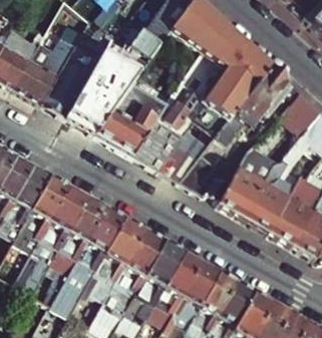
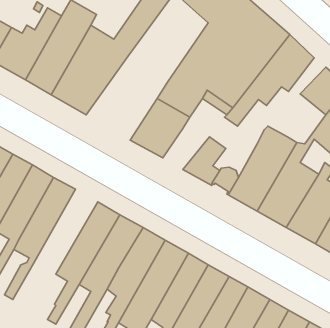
building: [95,81,166,153] -> none
building: [162,126,210,179] -> none
building: [44,196,105,301] -> none

